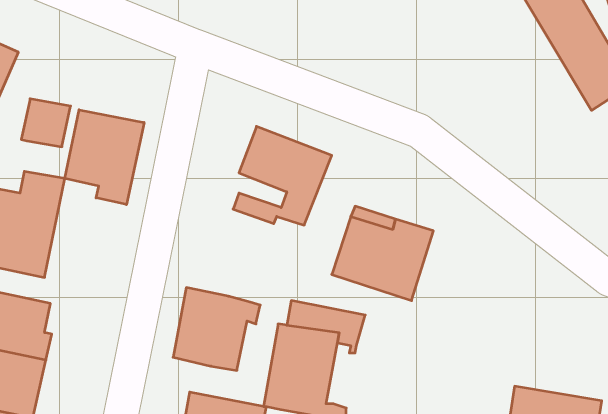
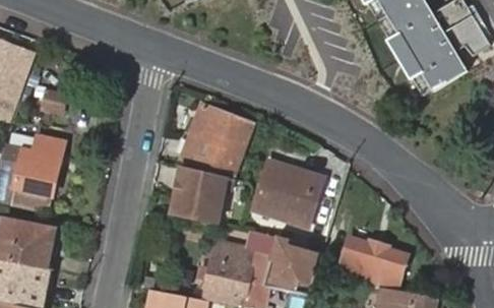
building: [65,110,144,205] -> none
building: [173,288,260,370] -> [173,166,234,224]
building: none -> [269,236,315,286]
building: none -> [337,236,407,285]

